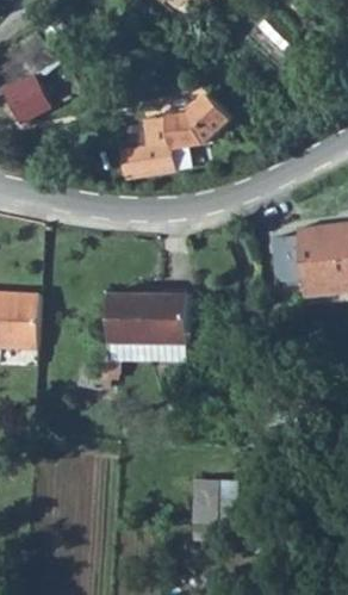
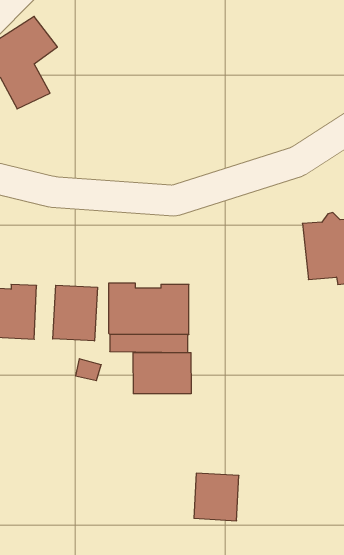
building: [120,93,231,178] -> none
building: none -> [53,285,97,341]
building: none -> [133,353,191,394]

